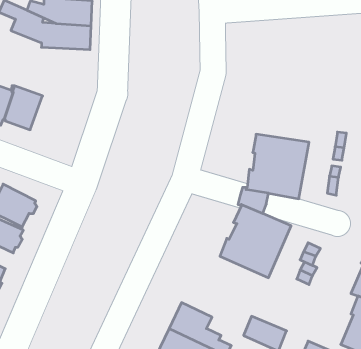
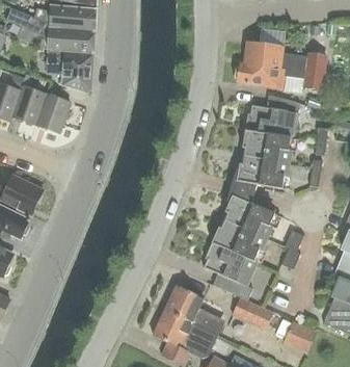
building: none -> [234,43,325,88]
building: none -> [46,50,91,91]
building: none -> [36,95,70,133]
building: none -> [244,97,297,137]
building: none -> [203,242,255,299]

